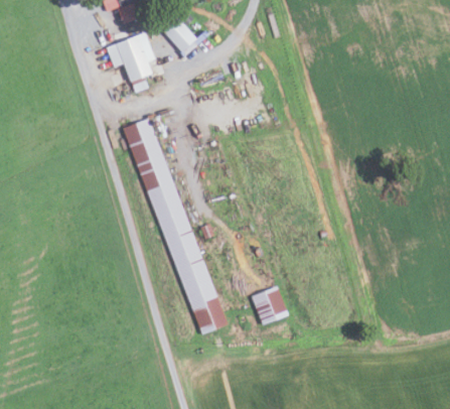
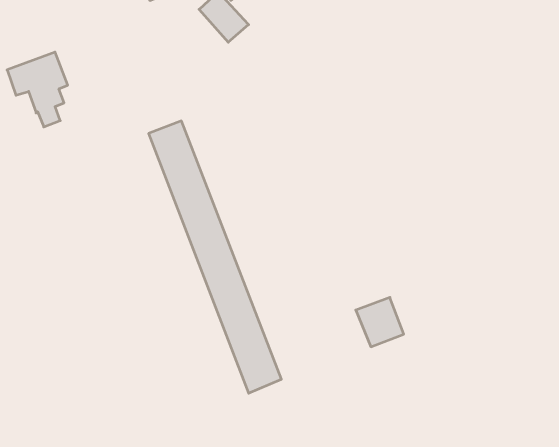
building: [107,32,155,92] -> [7,52,68,127]
building: [252,286,290,325] -> [356,297,404,347]

